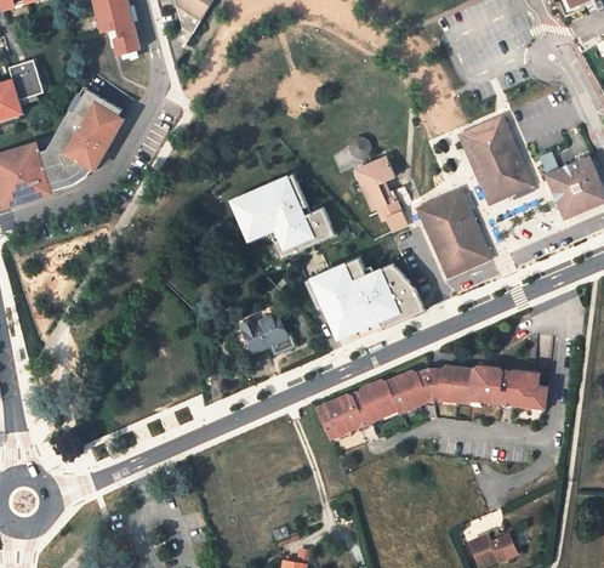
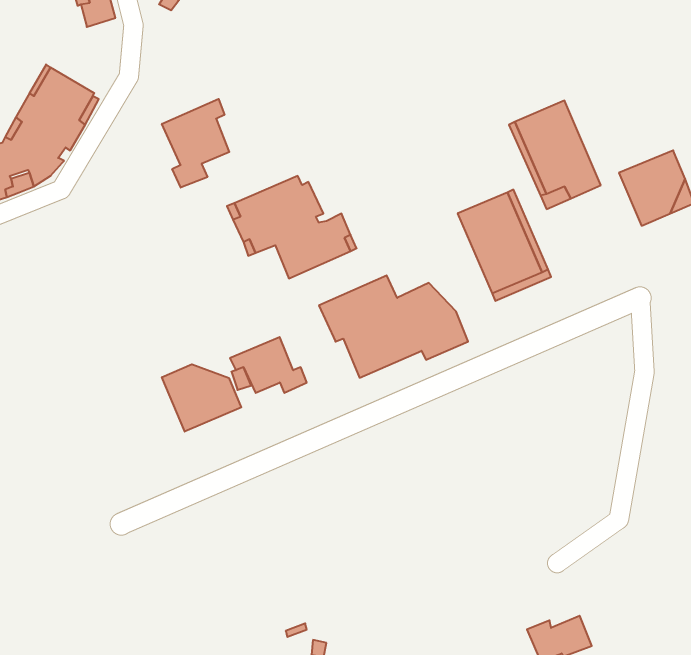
building: none -> [162,99,229,188]
building: [349,140,405,231] -> none
building: none -> [162,364,241,432]
building: [314,365,546,437] -> none

